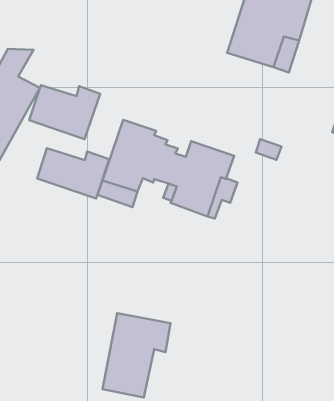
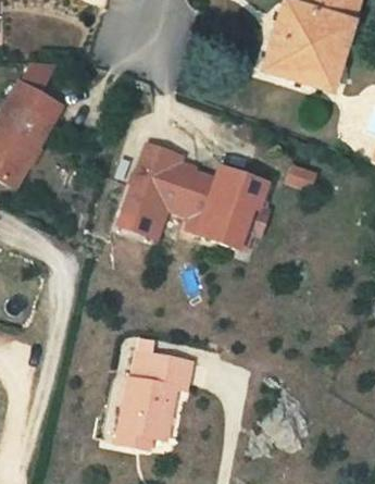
building: [29,85,100,139] -> none
building: [37,148,109,199] -> none

